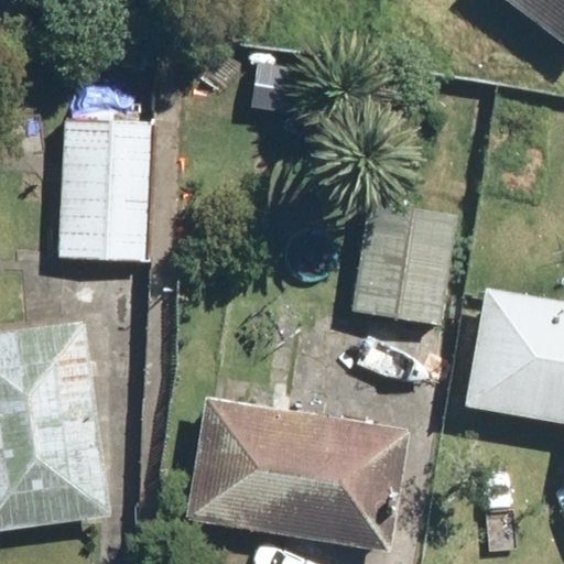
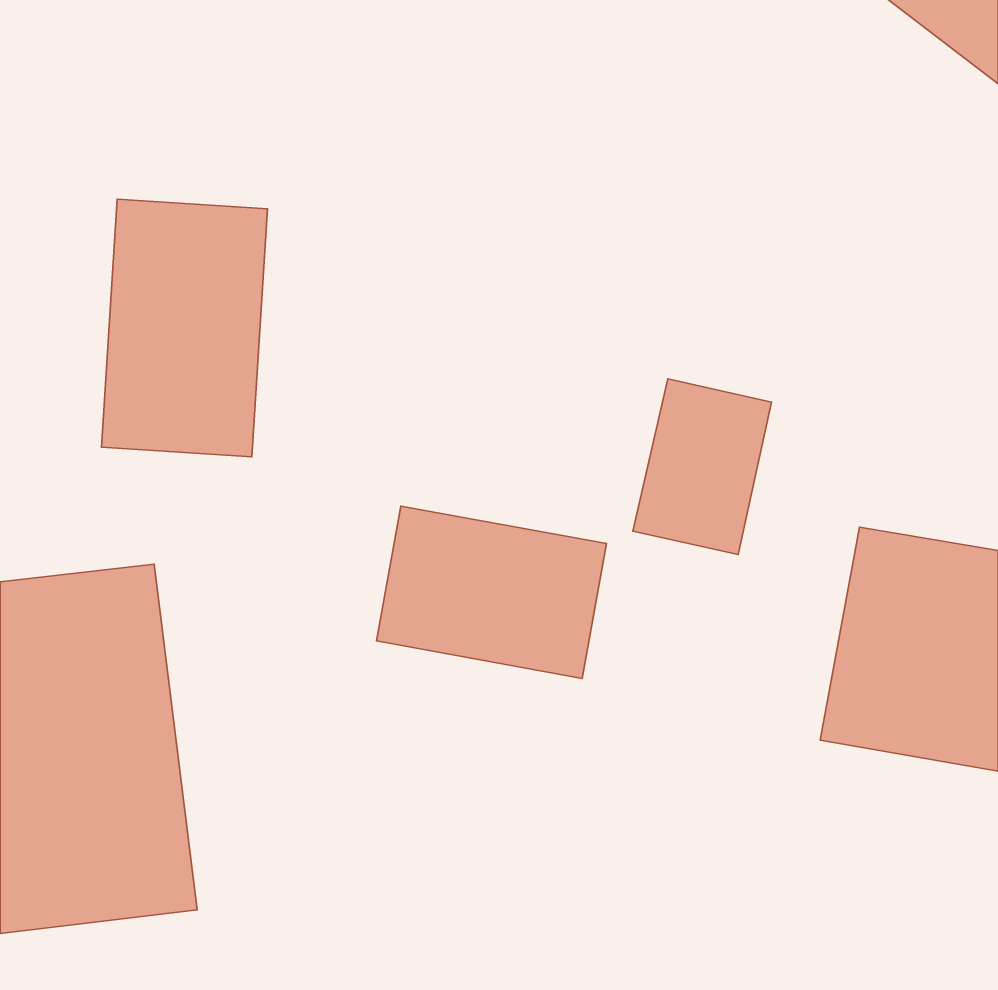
building: none -> [377,506,607,678]
building: [199,409,390,542] -> none

